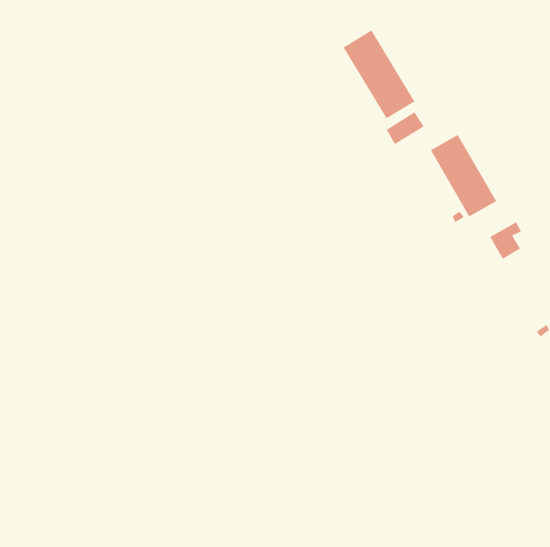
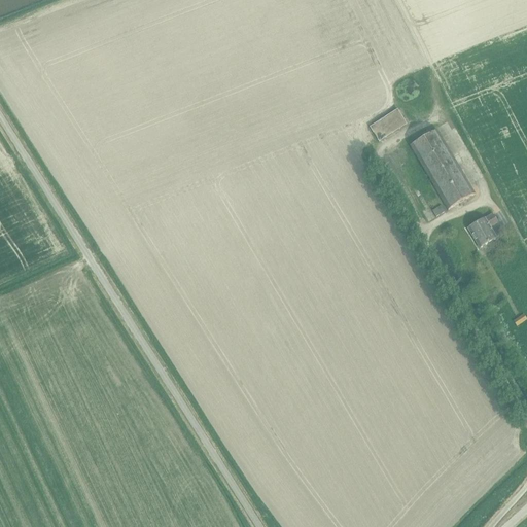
building: [343,30,415,119] -> none

